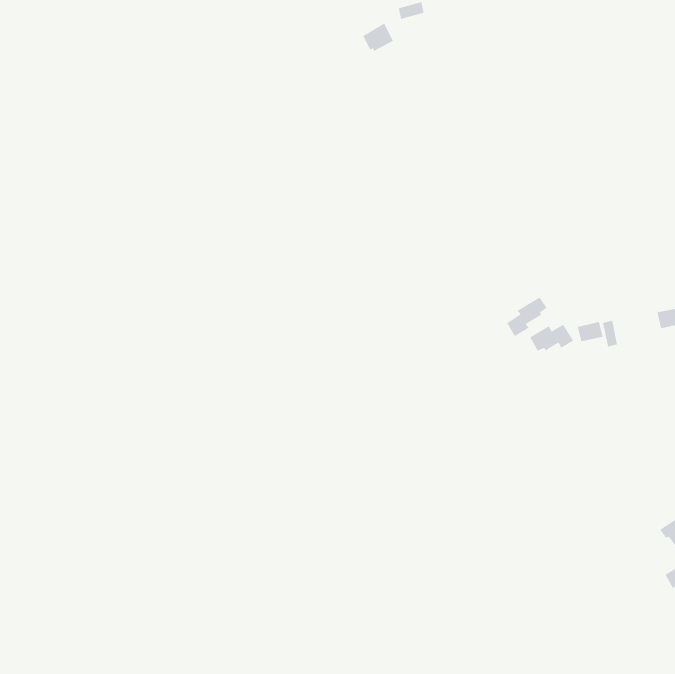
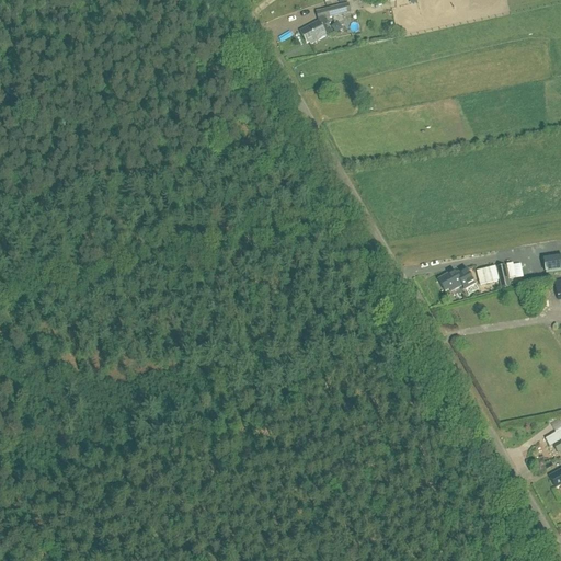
building: [506,297,547,337] -> none

